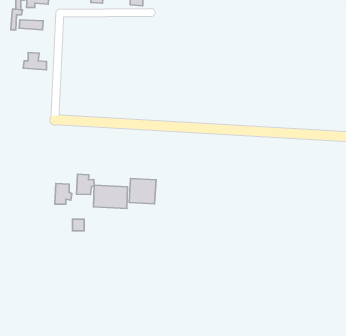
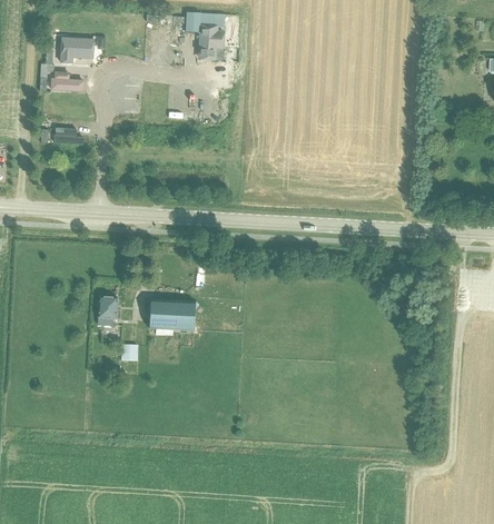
building: [76,174,94,195] -> none
building: [129,178,156,204] -> none

